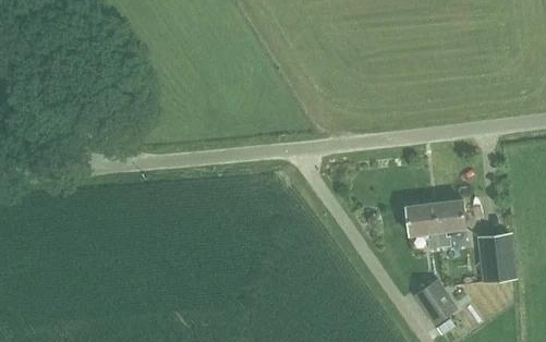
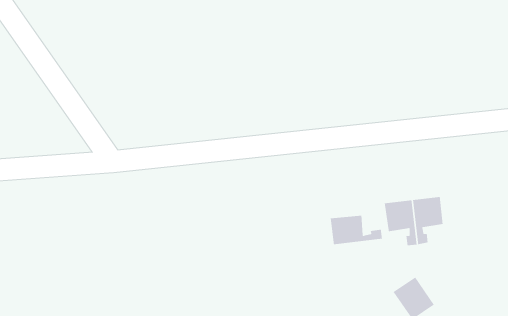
building: none -> [330,215,383,245]
building: [481,235,518,283] -> none

